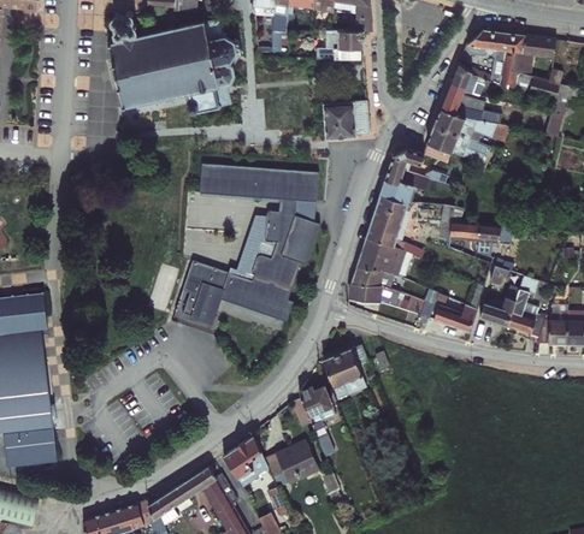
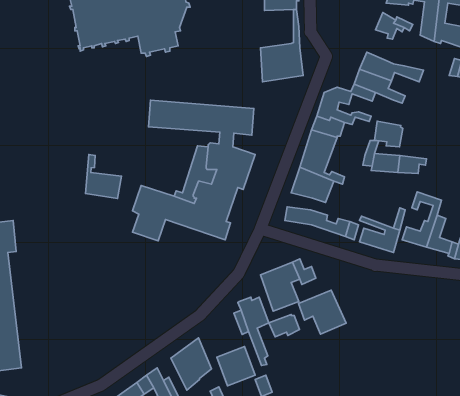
building: [443,83,486,124] -> none
building: none -> [375,121,403,147]
building: none -> [85,154,121,199]
building: none -> [298,290,346,334]
building: none -> [269,315,300,337]

